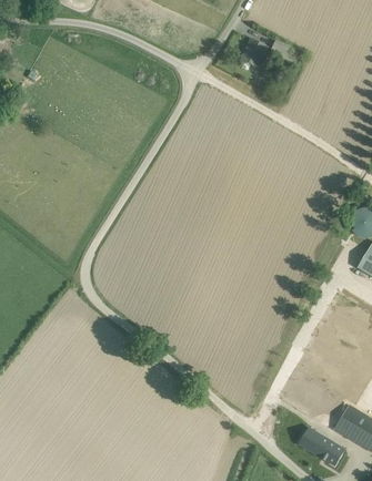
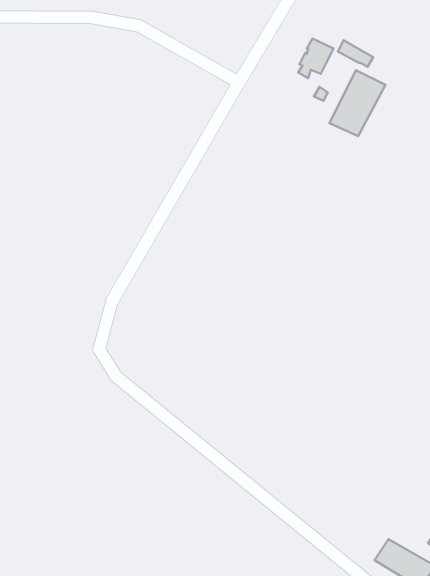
building: none -> [329,70,385,136]

